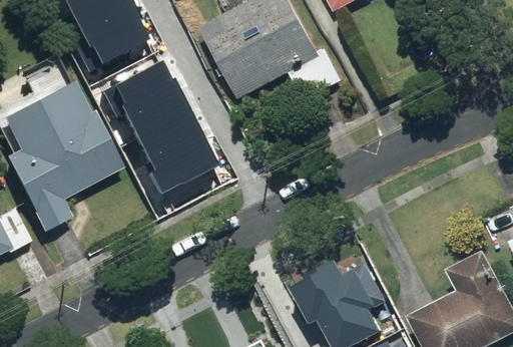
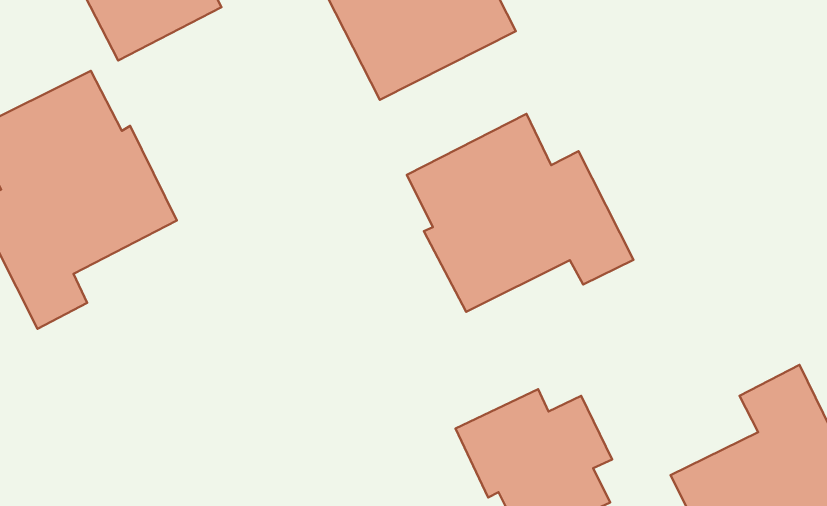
building: [99,61,211,199] -> none
building: none -> [407,114,633,312]

